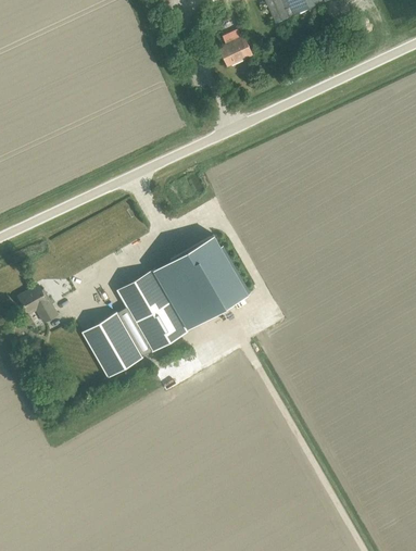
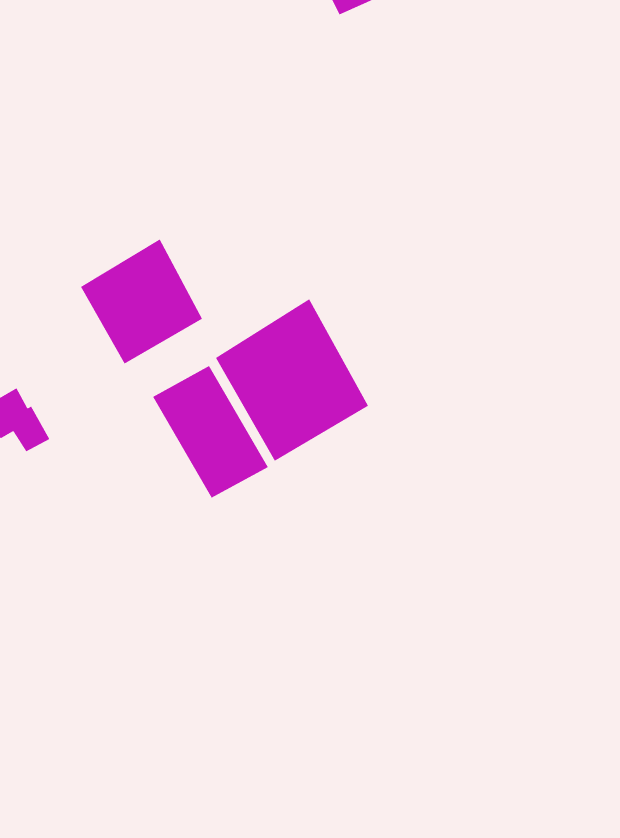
building: none -> [80,238,203,365]
building: [84,314,142,376] -> none

